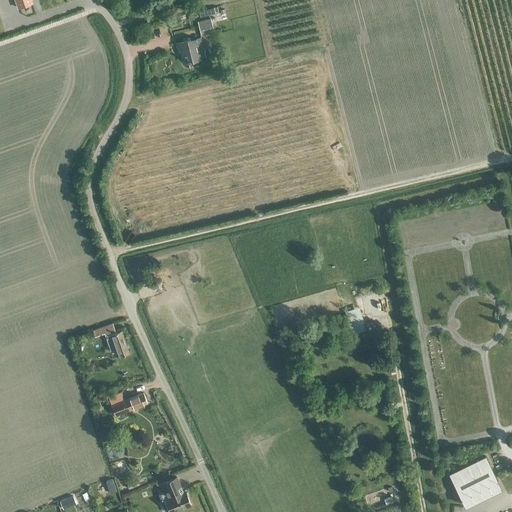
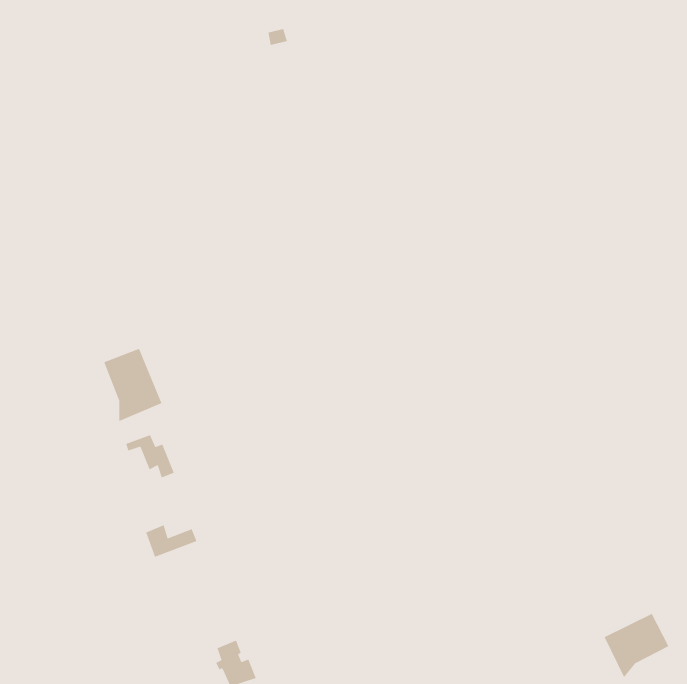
building: [177,39,201,63] -> none
building: none -> [103,348,162,422]

